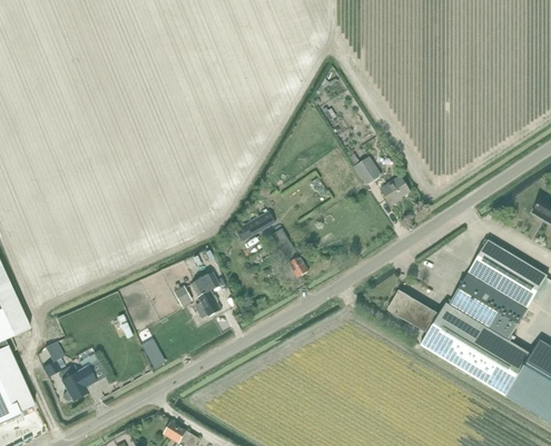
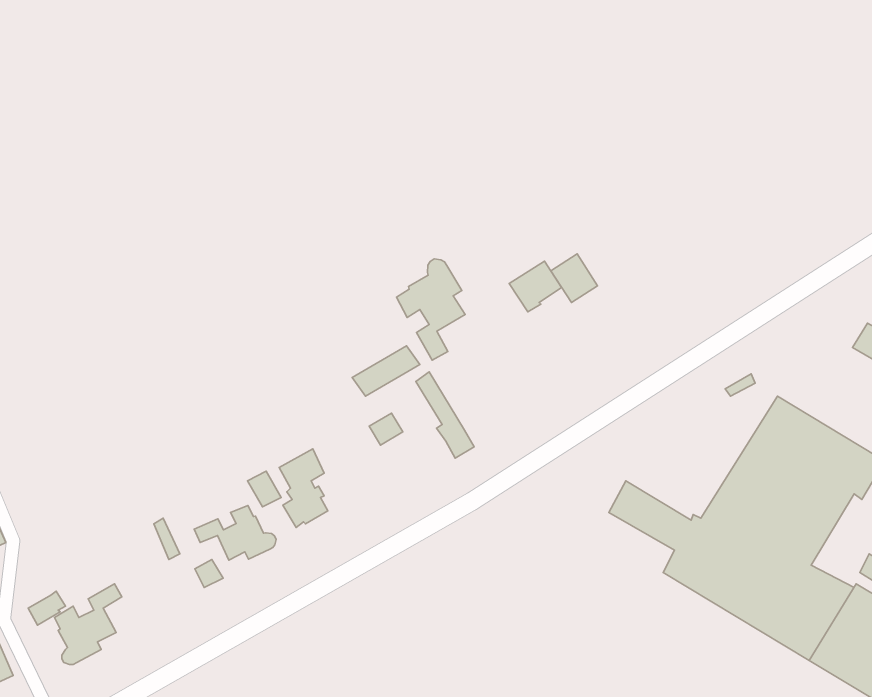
building: none -> [396,259,465,360]
building: [378,175,410,205] -> [509,261,562,312]
building: none -> [194,505,276,560]

